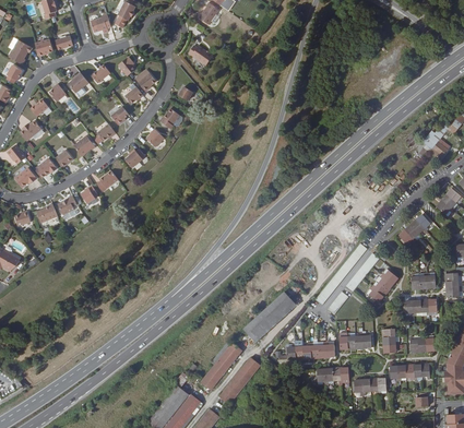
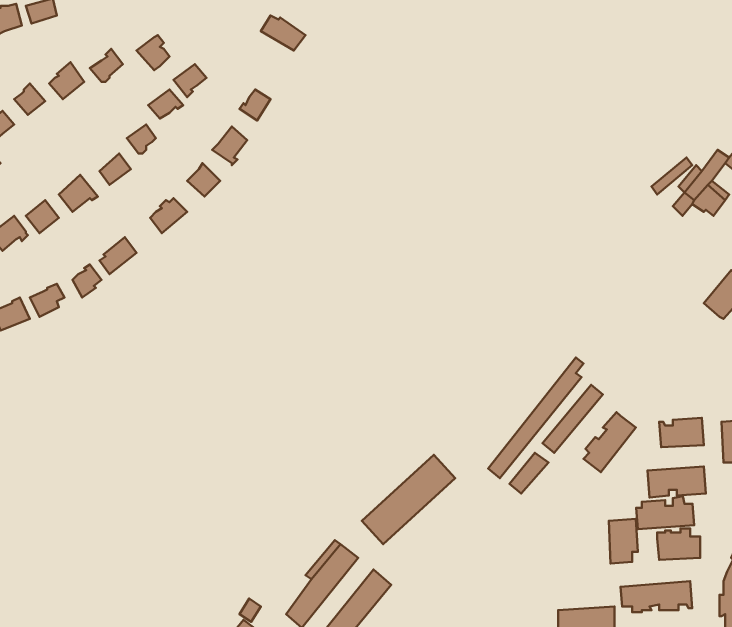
building: [398,214,430,245] -> none
building: [338,331,371,349] -> [636,496,694,529]
building: [286,341,334,359] -> none
building: [317,368,348,384] -> none

